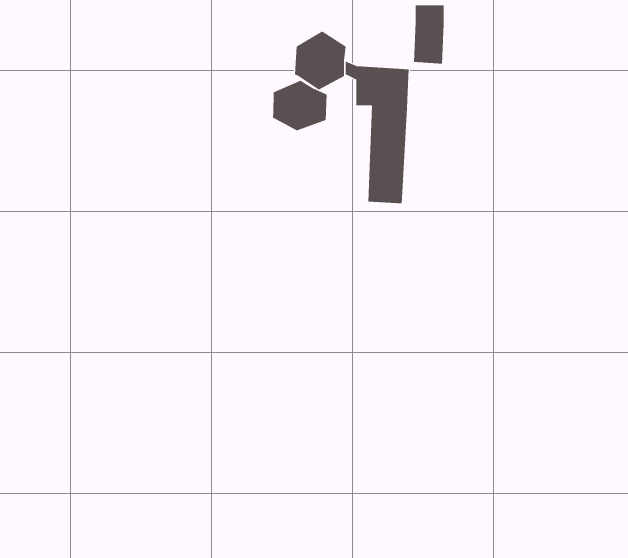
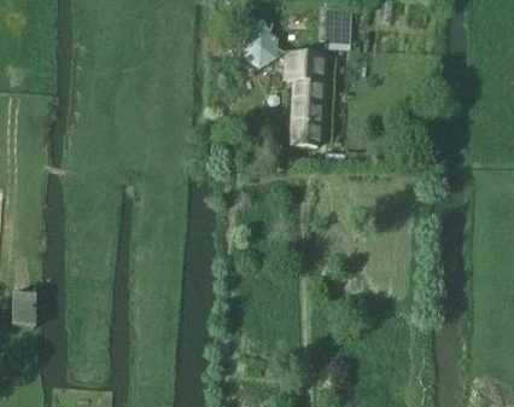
building: [272,80,327,131] -> none

